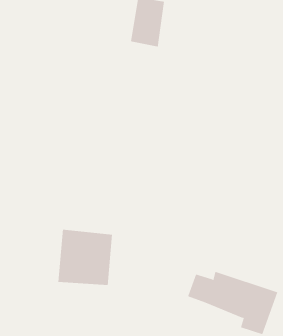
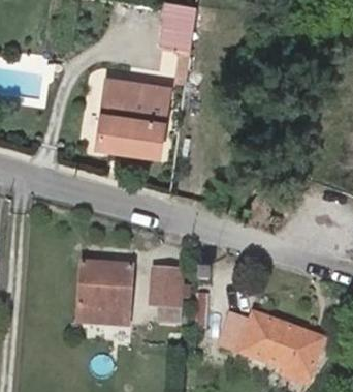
building: none -> [100,80,168,154]
building: none -> [151,270,184,323]

